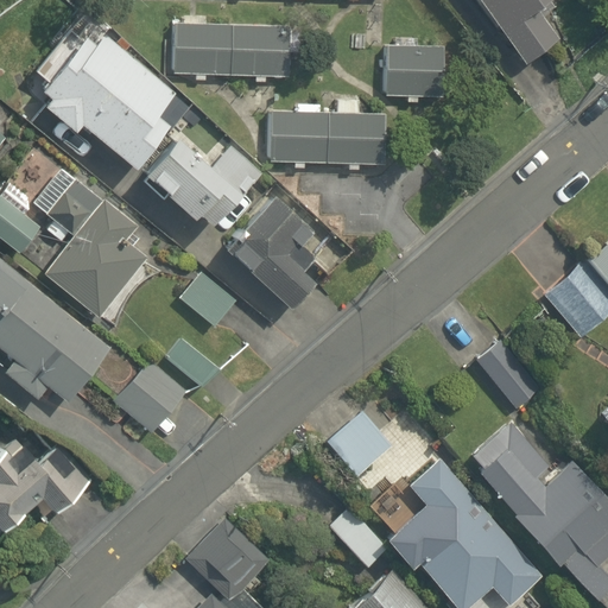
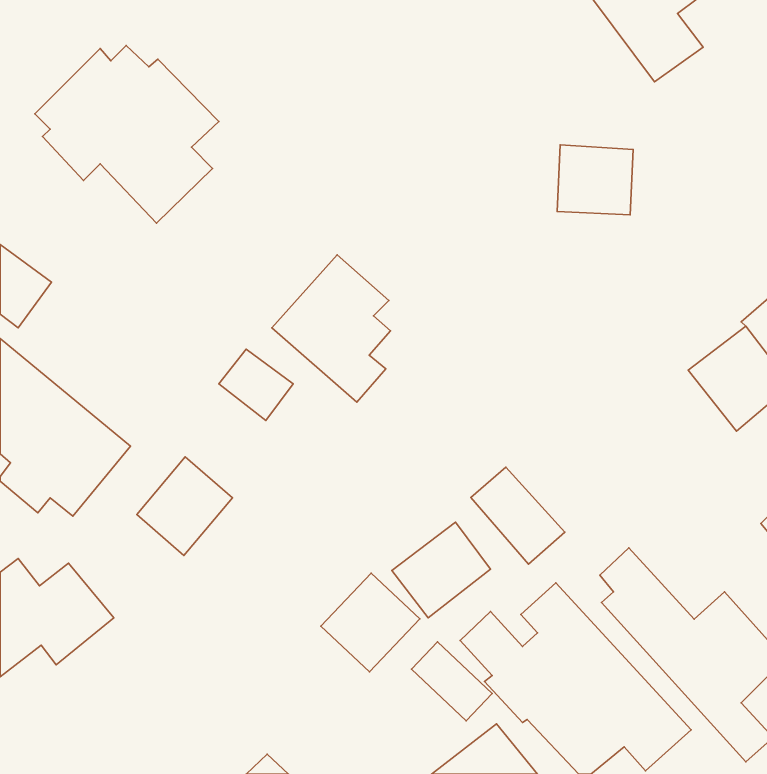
building: [175,21,299,82] -> none
building: [384,45,443,100] -> [557,145,633,215]
building: [268,97,385,170] -> none
building: [141,132,264,230] -> none
building: [38,169,145,319] -> none
building: [473,335,546,411] -> [471,467,565,564]
building: [192,518,270,595] -> [321,573,420,672]

